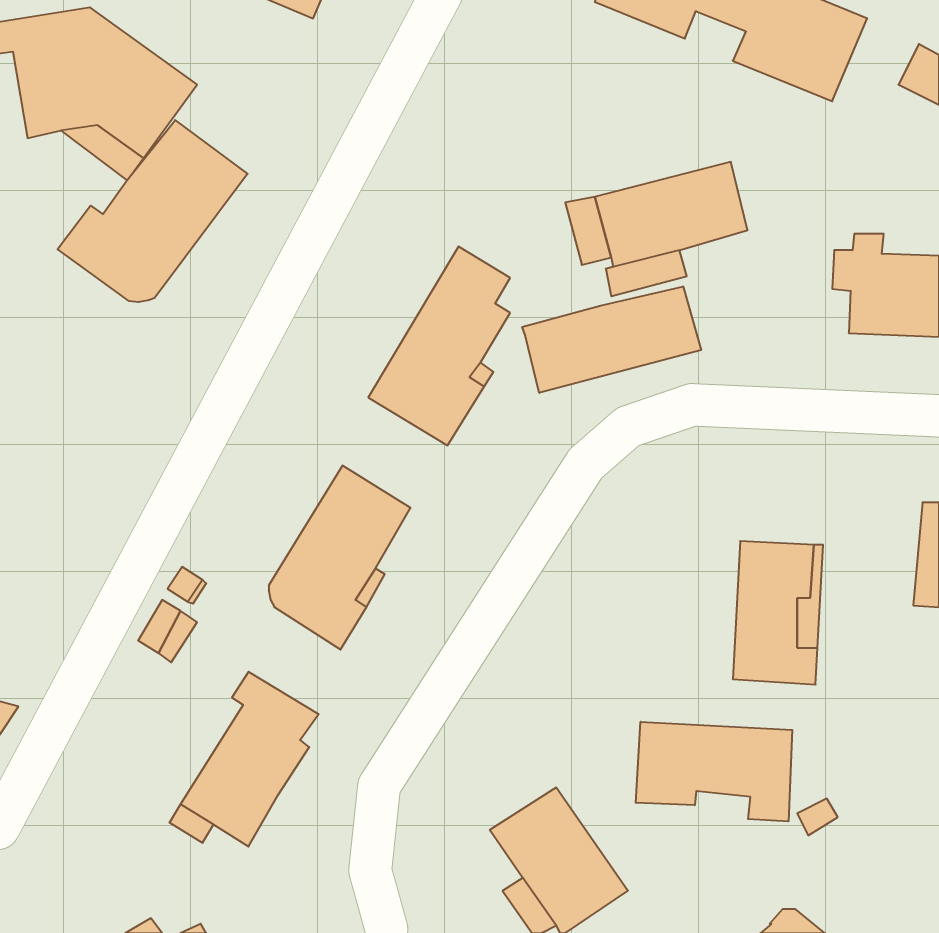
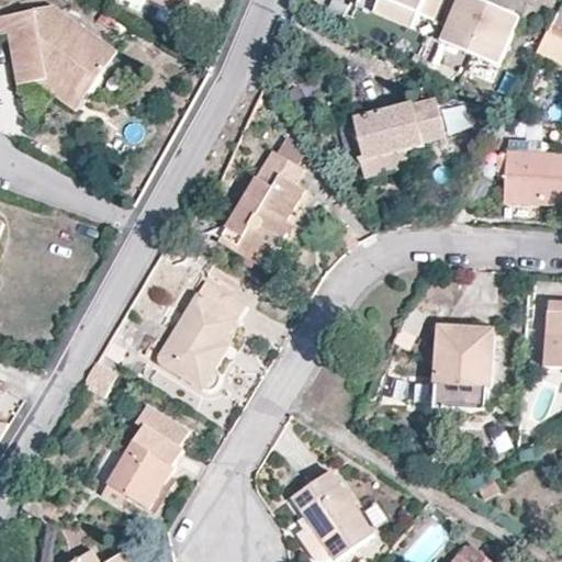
building: [58,120,248,302] -> none
building: [522,286,701,393] -> none
building: [636,722,792,821] -> none

